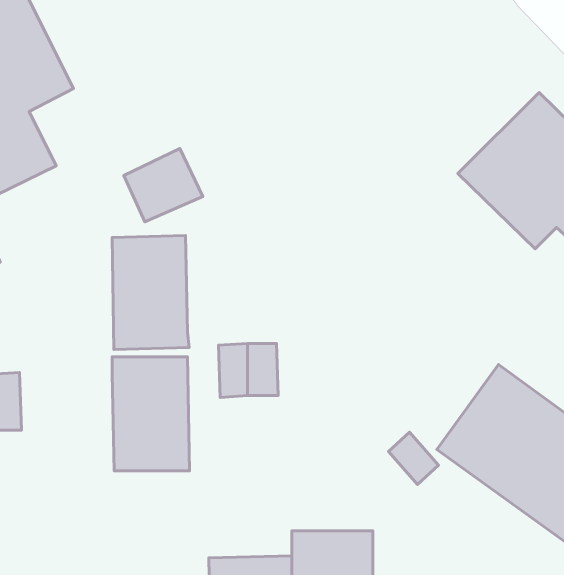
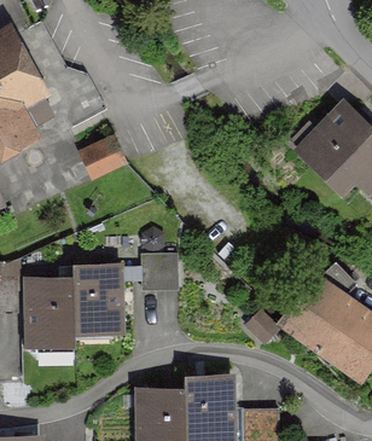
building: [112,235,189,349] -> [28,274,76,346]

